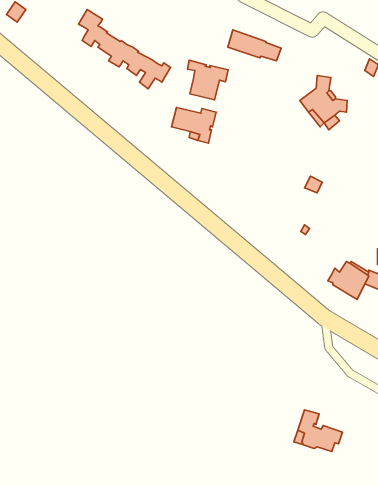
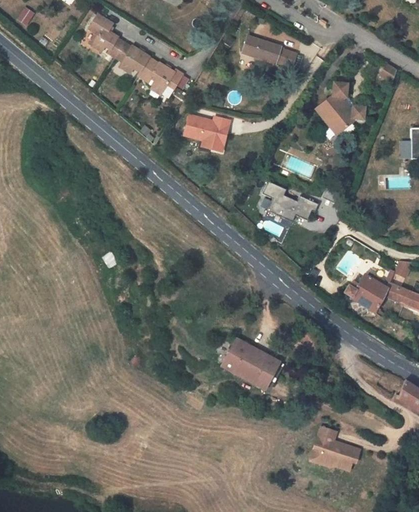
building: [187,60,228,100] -> none
building: none -> [262,181,318,222]
building: none -> [220,338,280,390]

